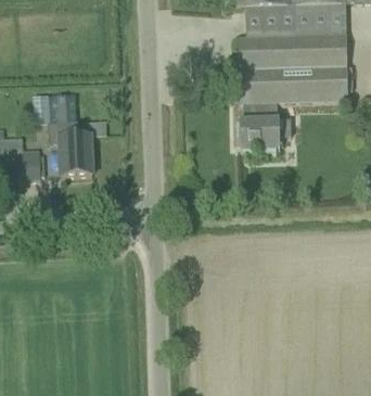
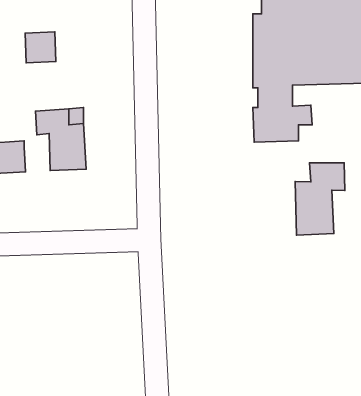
building: [52,92,79,119] -> [25,32,56,63]
building: none -> [295,163,345,235]

